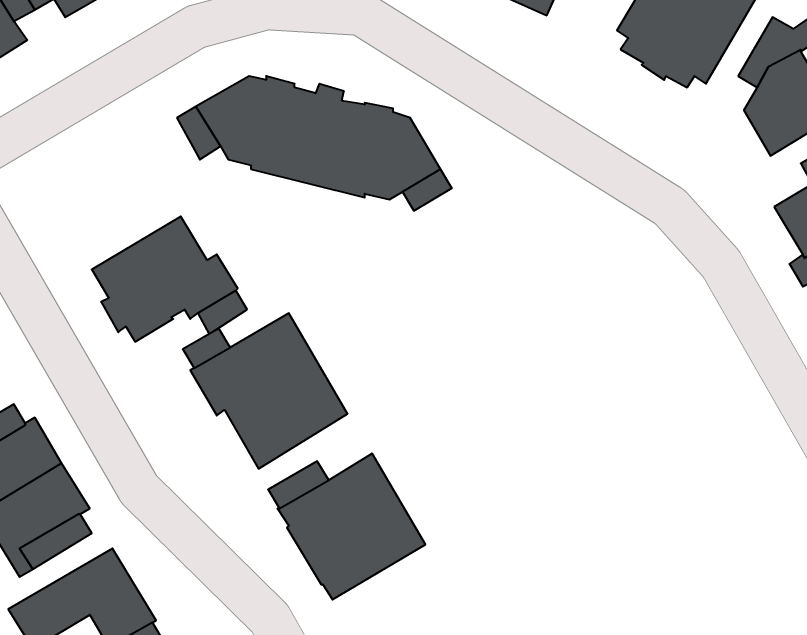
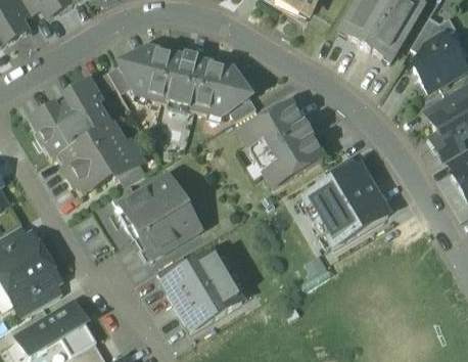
building: none -> [30,80,110,157]
building: none -> [241,101,324,186]
building: none -> [305,164,389,243]

